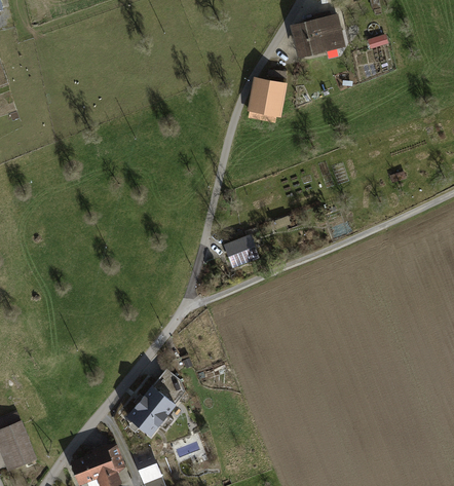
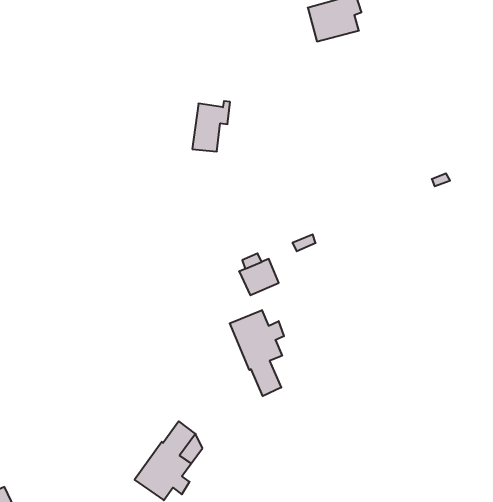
building: [252,79,286,121] -> [192,101,230,151]
building: none -> [230,310,284,396]

